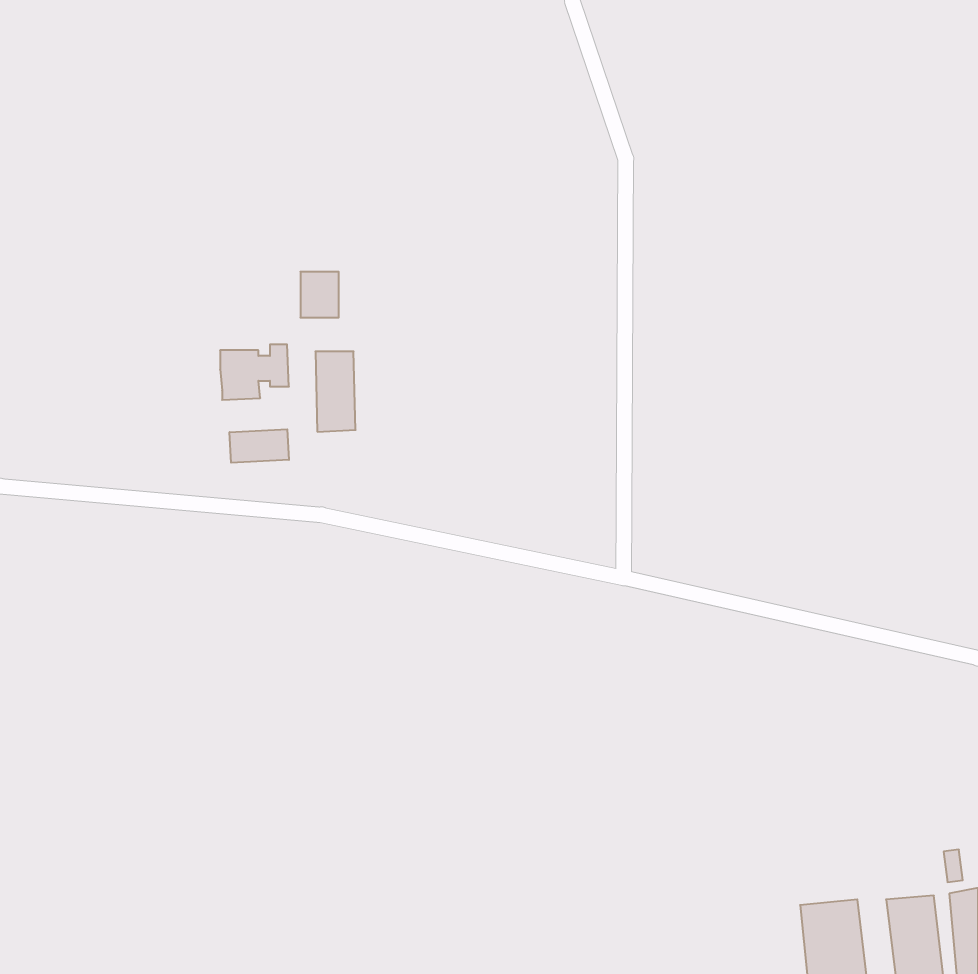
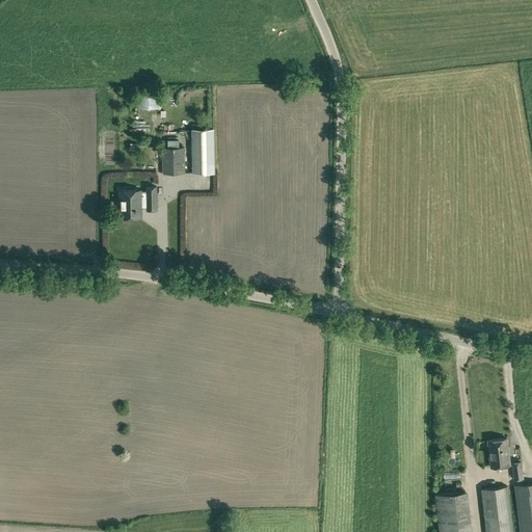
building: [315,351,356,432] -> [192,131,214,175]
building: [230,429,289,463] -> none
building: none -> [488,441,509,469]

